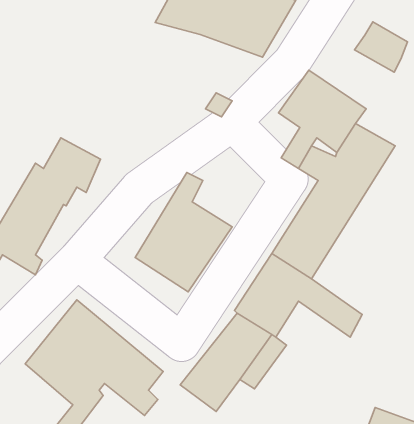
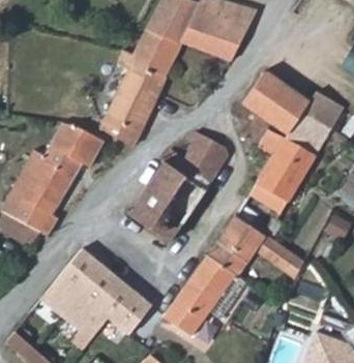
building: [354,22,407,72] -> [300,89,342,128]
building: none -> [98,32,179,144]
building: none -> [173,129,228,191]

